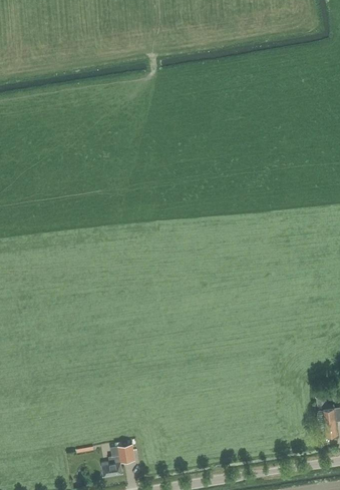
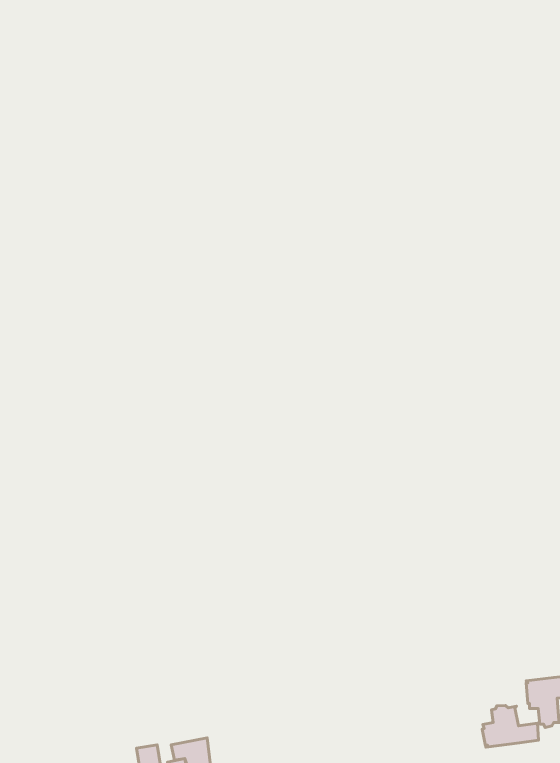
building: none -> [482,705,538,747]

